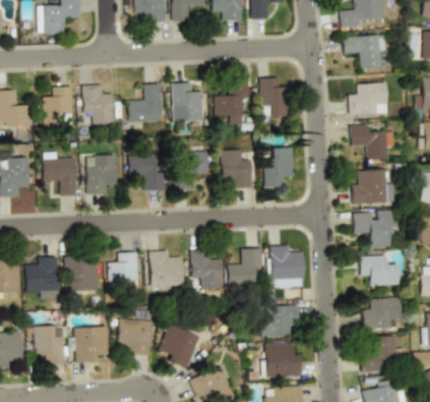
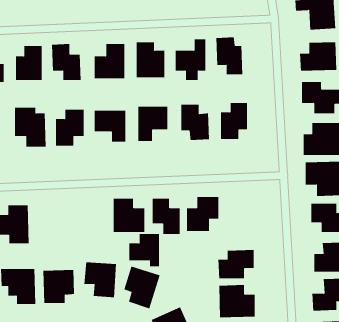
building: [270,245,304,284] -> none
building: [107,252,140,288] -> [128,233,160,267]
building: [64,255,99,291] -> none

